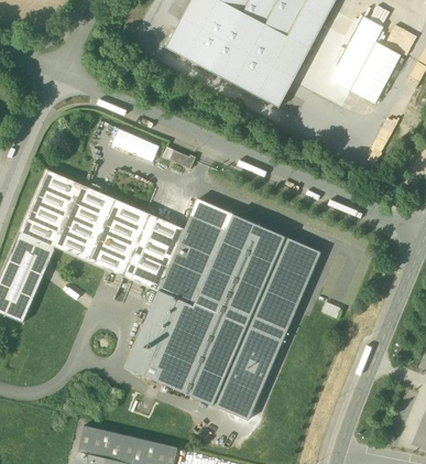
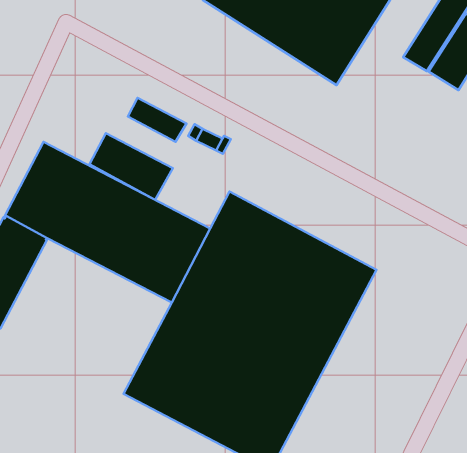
building: none -> [90,133,173,200]

